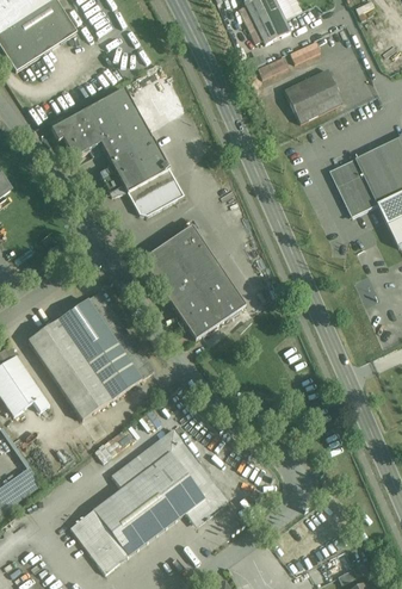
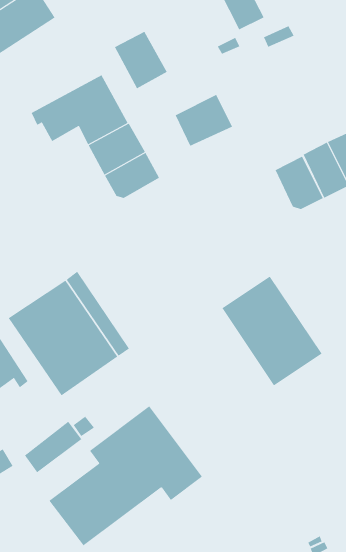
building: none -> [114,30,167,89]
building: [283,68,342,122] -> [175,94,233,147]
building: none -> [275,156,324,210]
building: [140,225,243,339] -> [221,276,322,386]
building: none -> [24,421,82,473]

